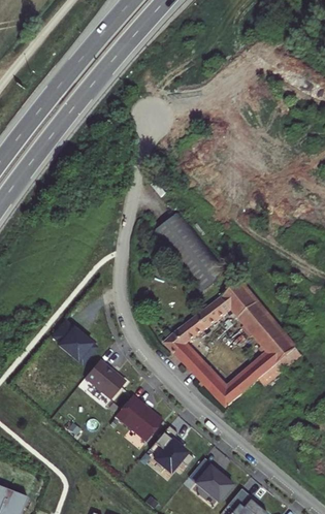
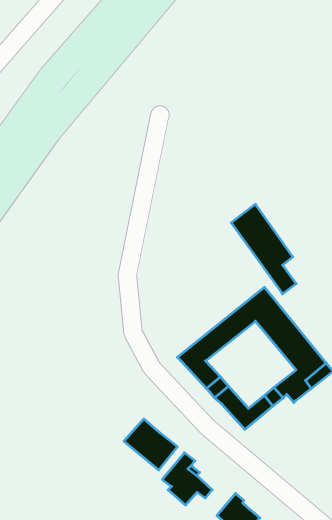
building: [158,212,216,291] -> [231,204,296,294]
building: [52,322,93,365] -> none
building: [85,361,126,400] -> none

